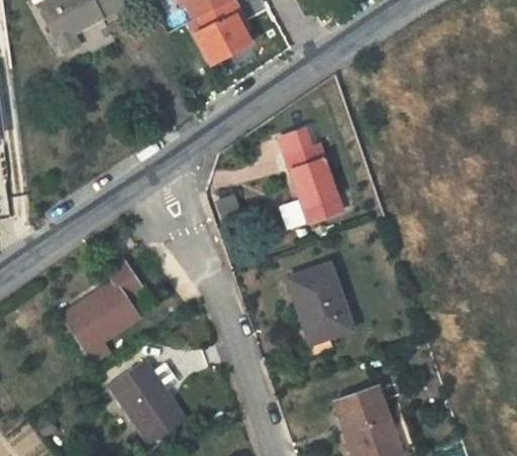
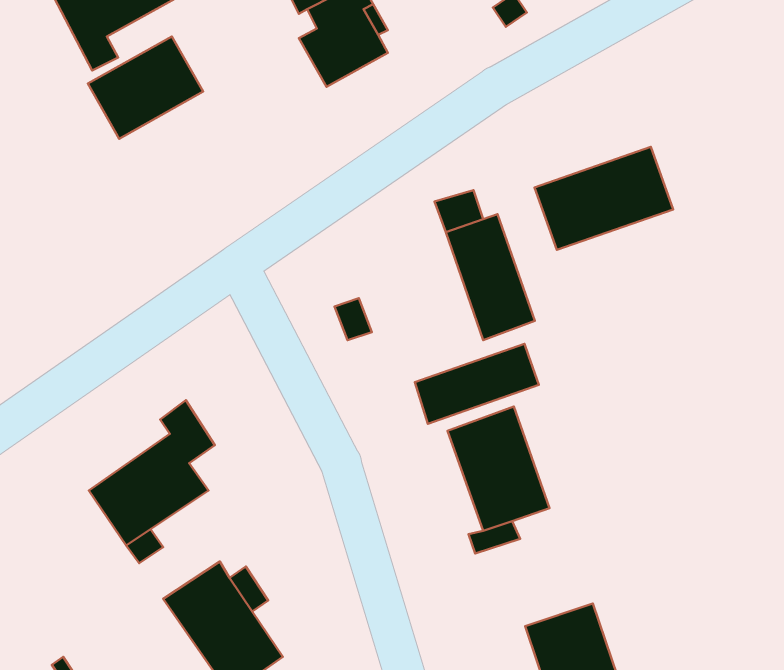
building: none -> [88,37,203,139]
building: none -> [535,147,673,250]
building: none -> [415,344,539,424]

